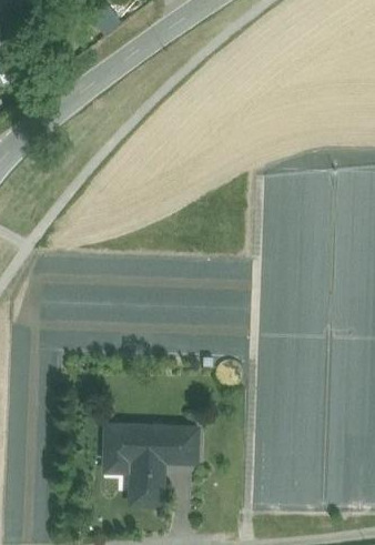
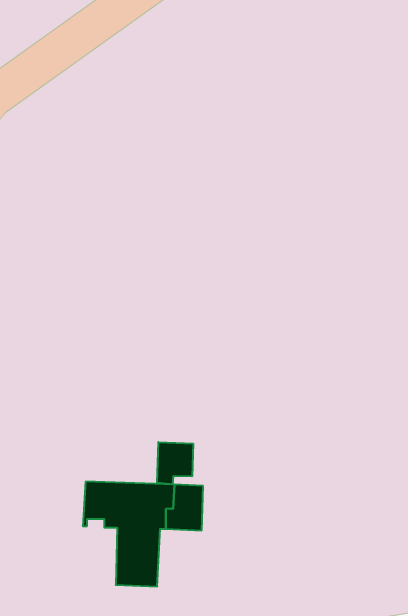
building: none -> [157,442,193,484]

